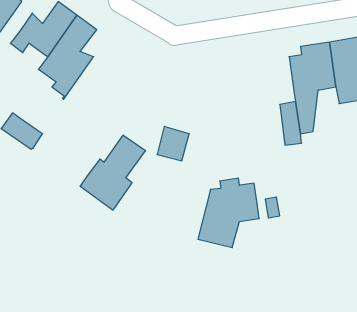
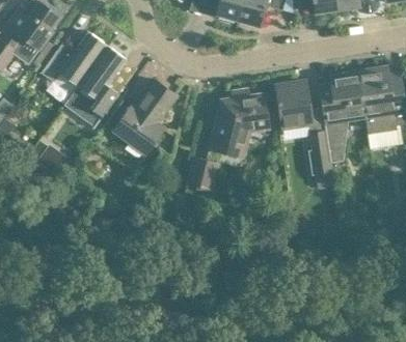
building: none -> [276,82,312,126]
building: [80,135,146,210] -> [112,80,178,154]
building: [198,178,259,248] -> [209,88,270,158]

